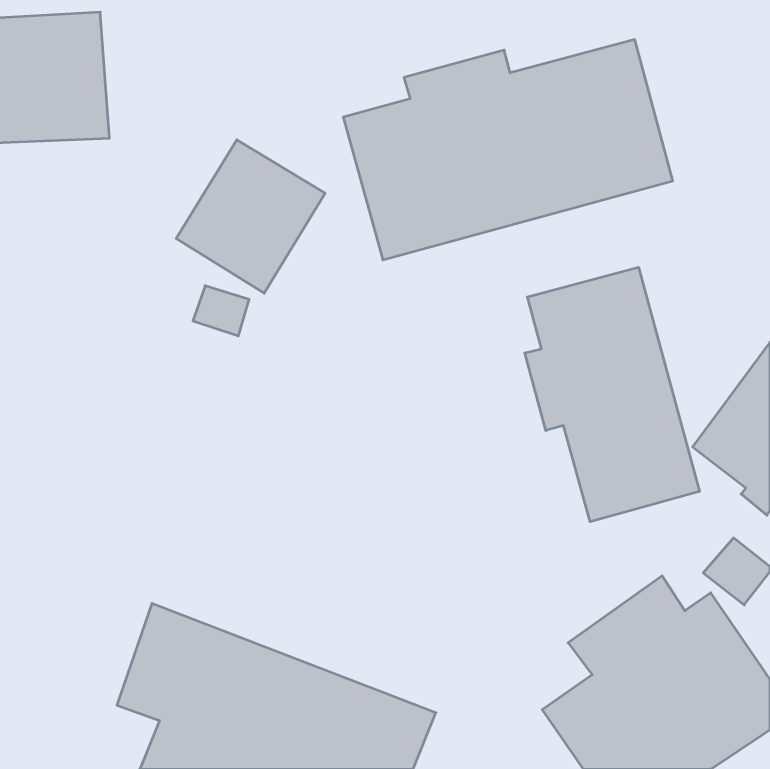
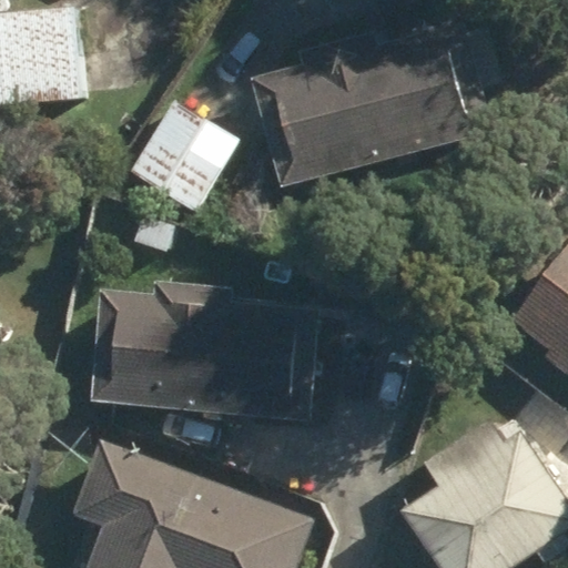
building: [525,267,699,522] -> none
building: none -> [105,285,328,417]

